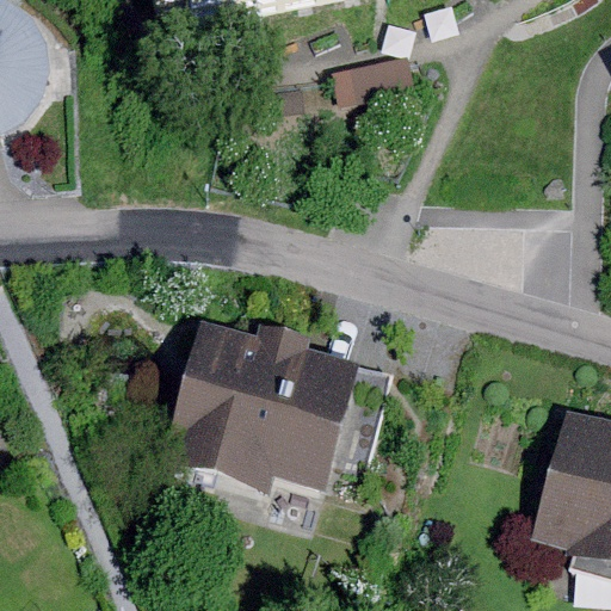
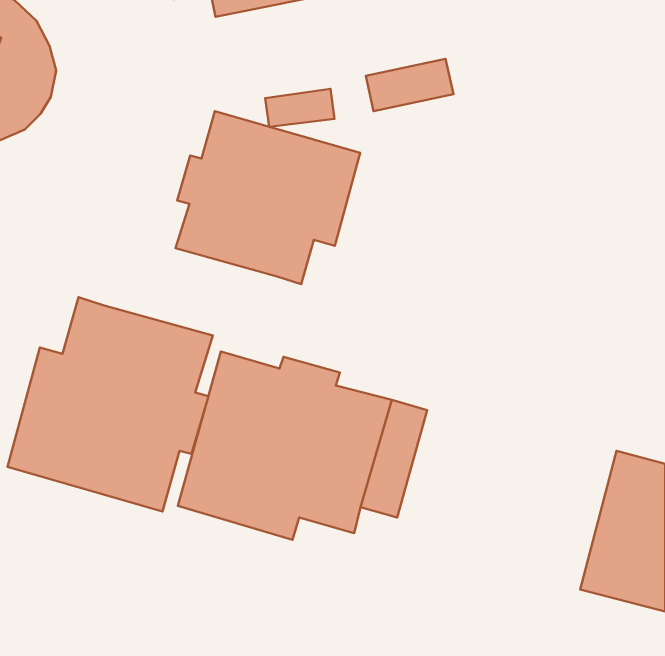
building: none -> [175,111,360,284]
building: none -> [7,297,213,512]

